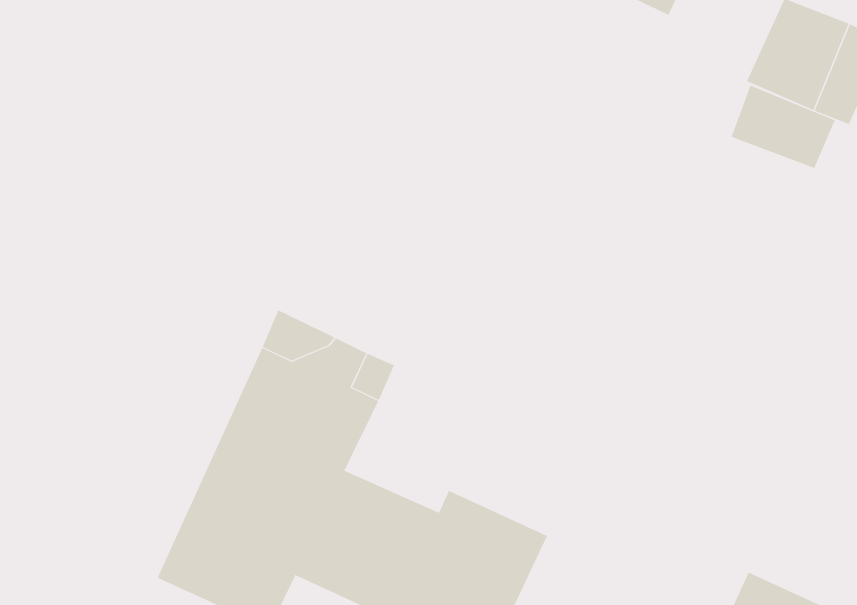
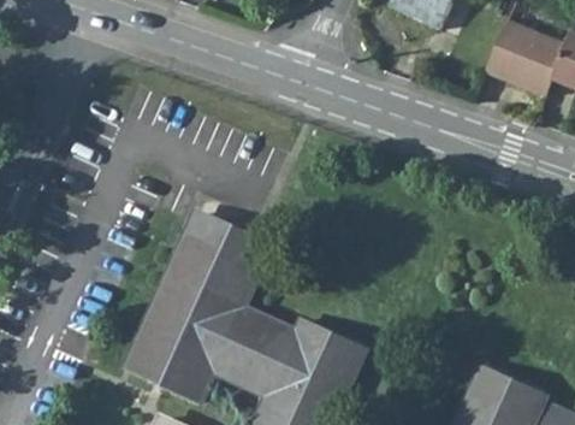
building: [731,85,835,169] -> none

